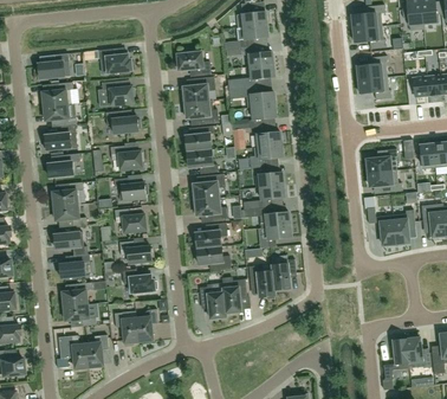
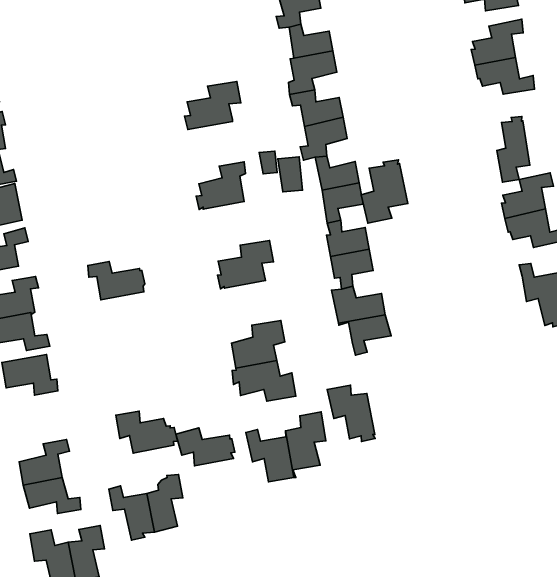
building: [98,49,134,75] -> none
building: [176,50,210,76] -> none
building: [101,81,134,105] -> none
building: [181,99,218,124] -> none
building: [104,110,140,135] -> none
building: none -> [497,117,530,182]
building: none -> [361,160,408,223]
building: [110,146,143,170] -> none
building: [186,149,218,173] -> none
building: [194,198,228,221] -> none
building: [116,208,148,233] -> none
building: [118,240,153,263] -> [176,428,235,466]
building: [58,255,89,279] -> none
building: [273,259,297,296] -> none

